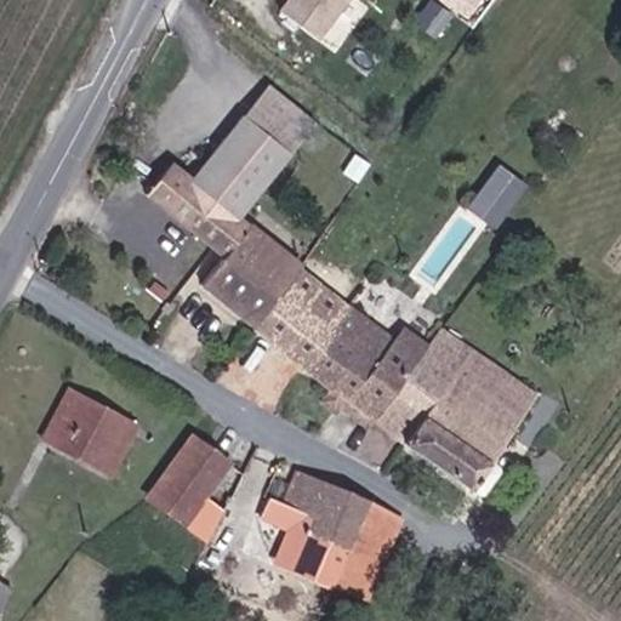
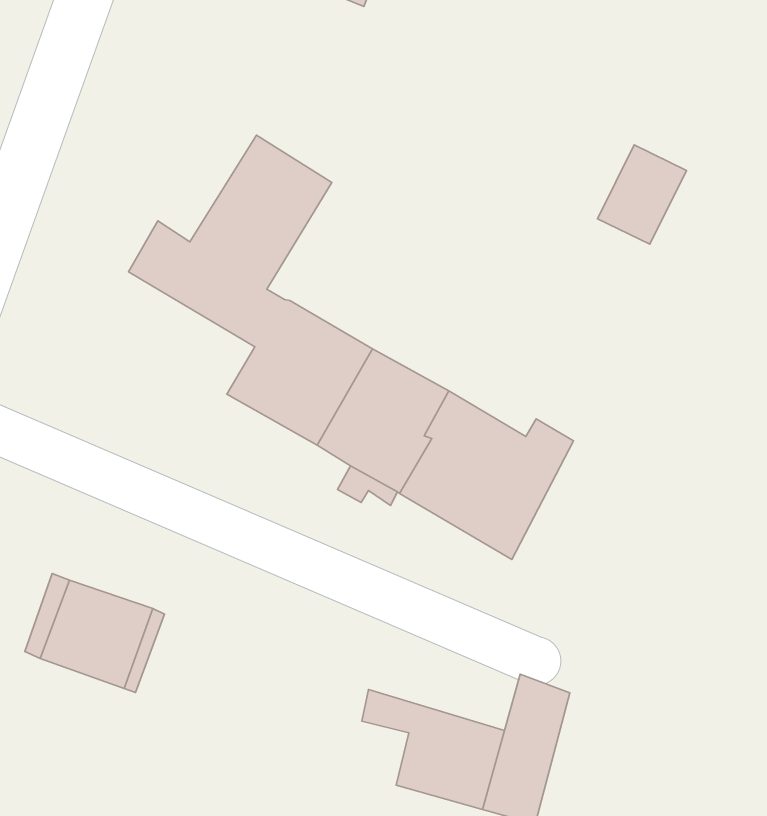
building: [244,81,317,153] -> none
building: [376,327,540,489] -> none
building: [149,438,229,540] -> none
building: [268,468,371,536] -> none

